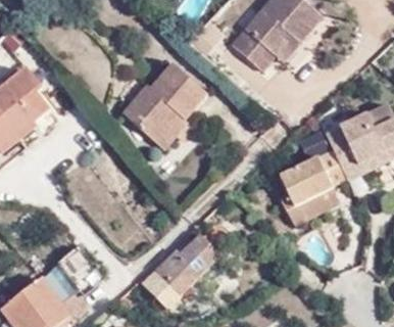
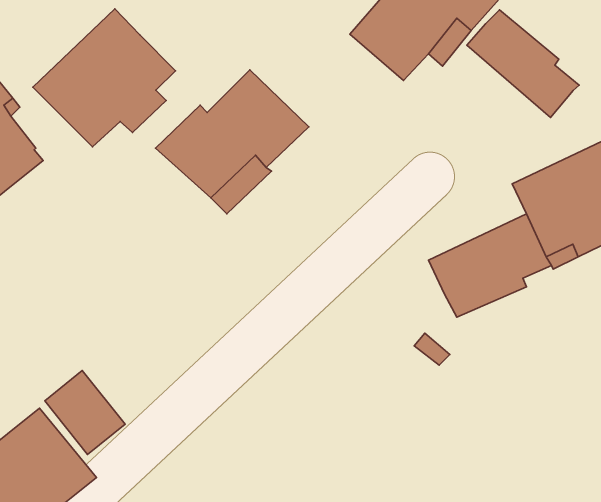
building: none -> [33,9,176,147]
building: none -> [467,10,579,117]
building: [145,235,230,303] -> none

